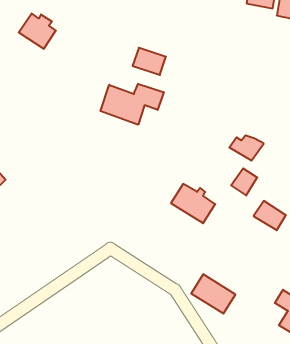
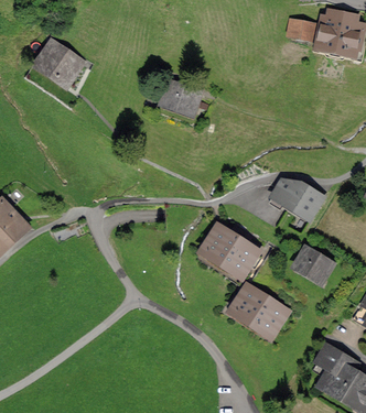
building: [100,84,164,125] -> none
building: [231,168,257,196] -> [293,186,322,216]
building: [191,274,235,314] -> [235,290,283,333]

